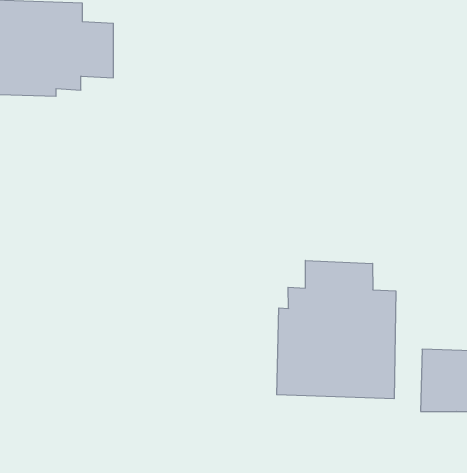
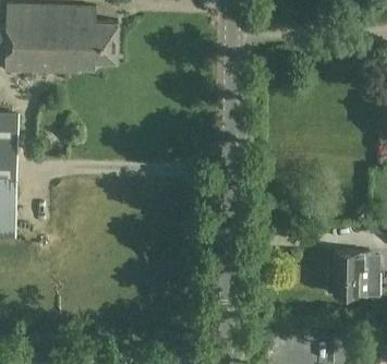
building: [277,260,396,399] -> none

